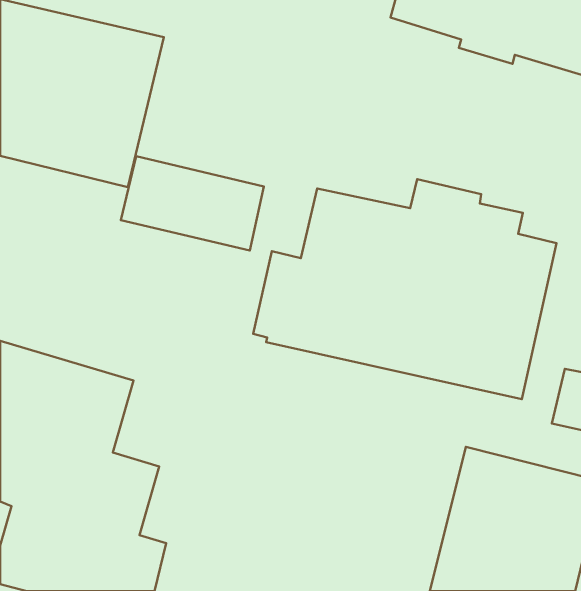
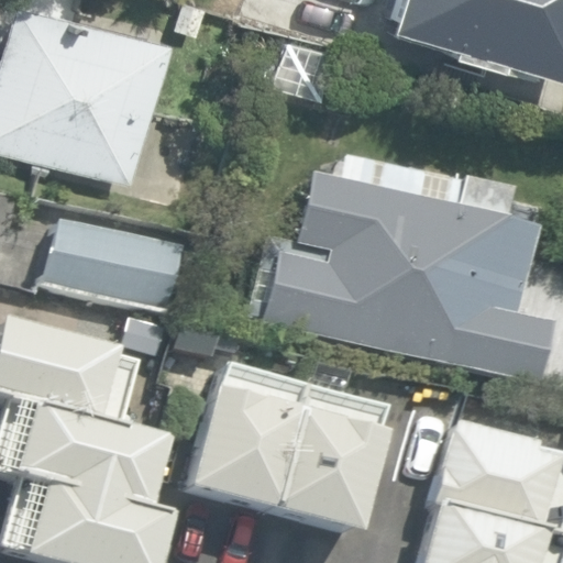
building: [121,156,264,251] -> [46,223,181,312]
building: none -> [186,362,389,537]

